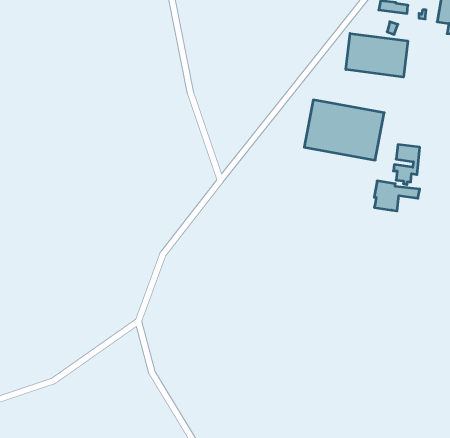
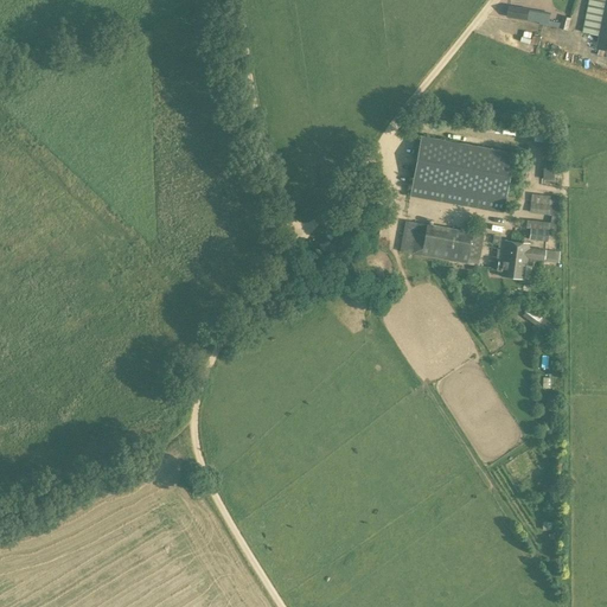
building: [346,33,408,77] -> none
building: none -> [400,219,484,266]

